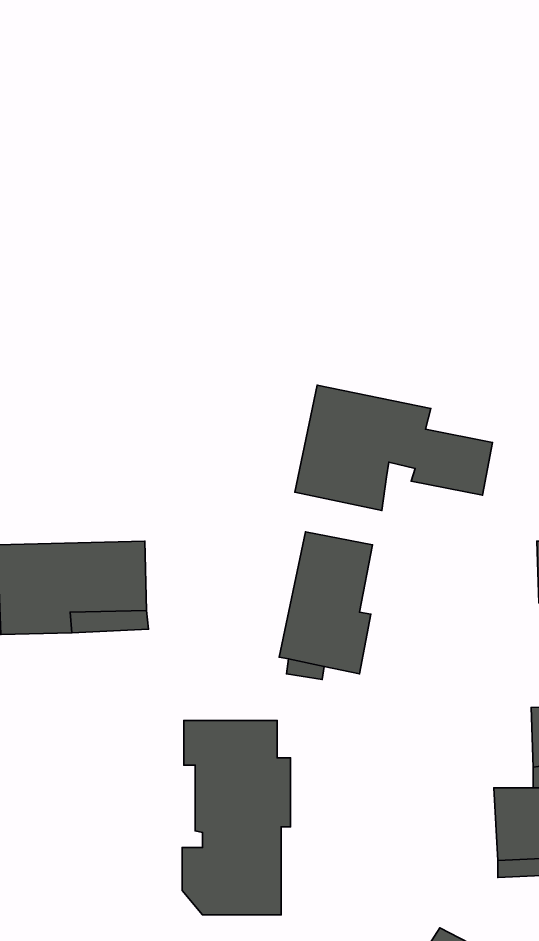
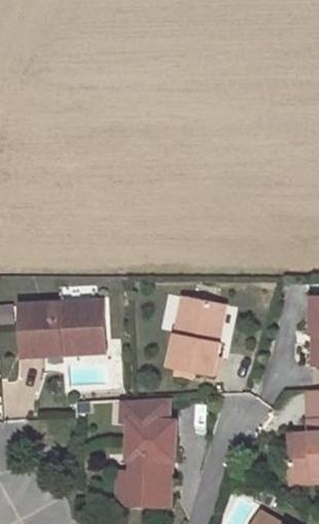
building: [295,385,492,511] -> none

